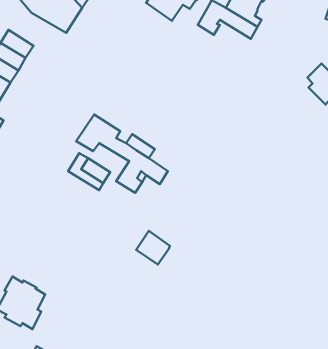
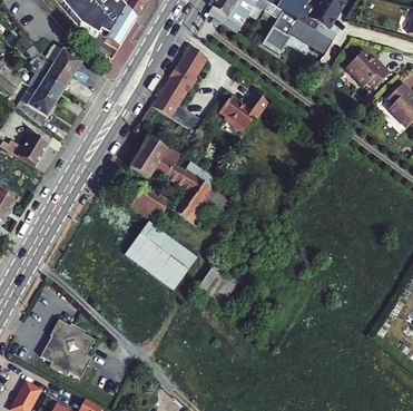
building: none -> [150,45,206,119]
building: none -> [344,49,389,86]
building: none -> [218,92,267,133]
building: none -> [124,222,196,290]

